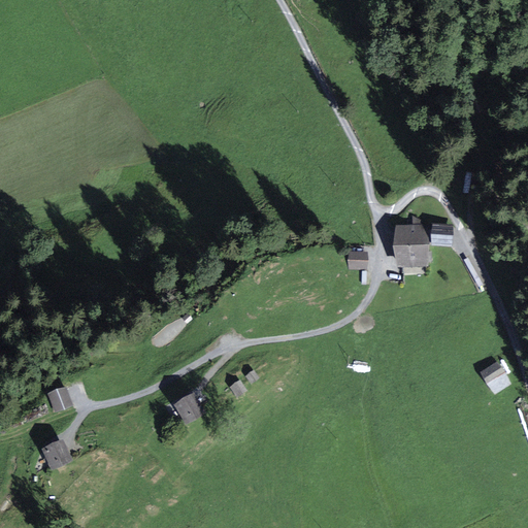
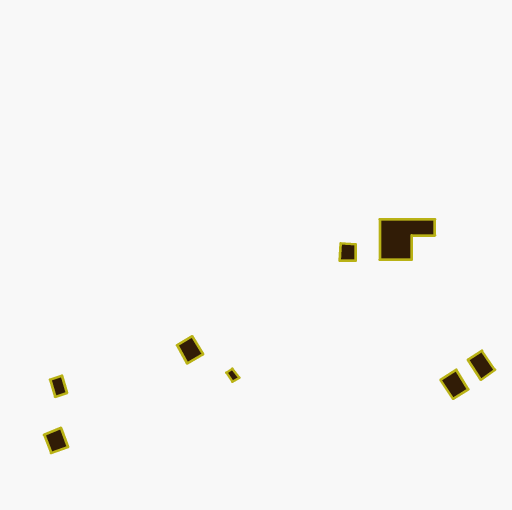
building: none -> [441,370,468,399]
building: [177,393,204,421] -> [177,336,203,363]

